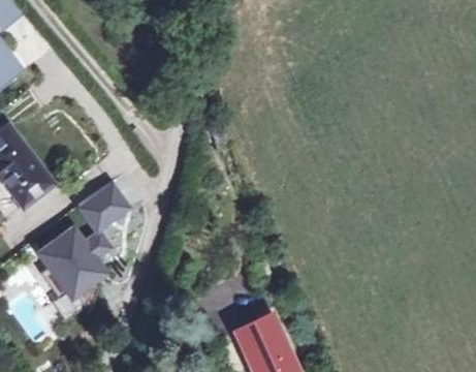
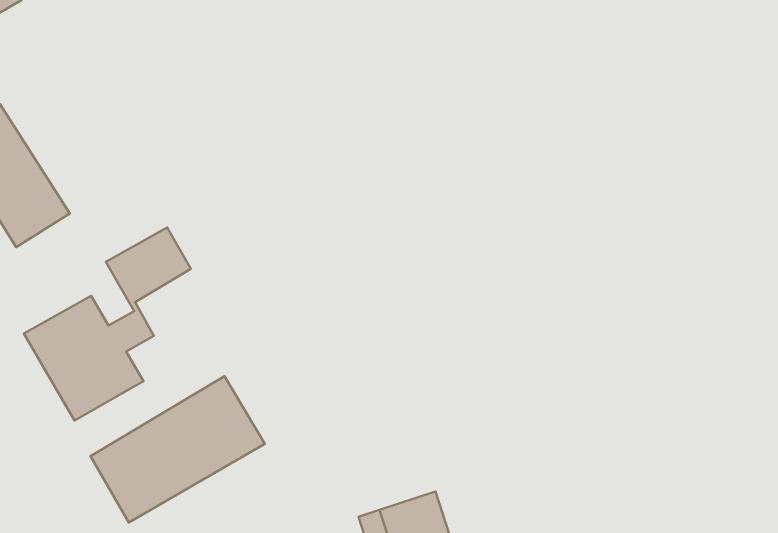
building: none -> [91,376,265,523]

